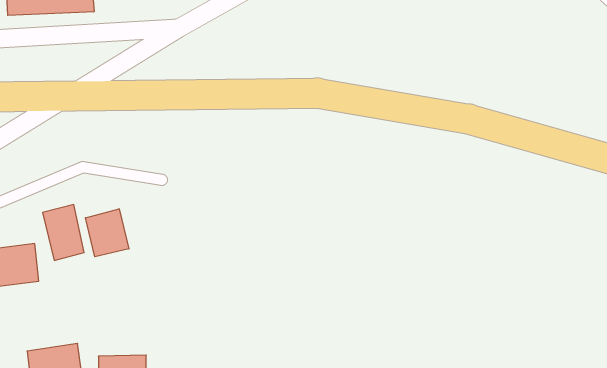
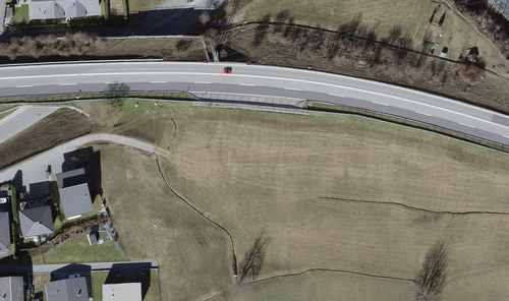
building: [85,209,129,257] -> none

